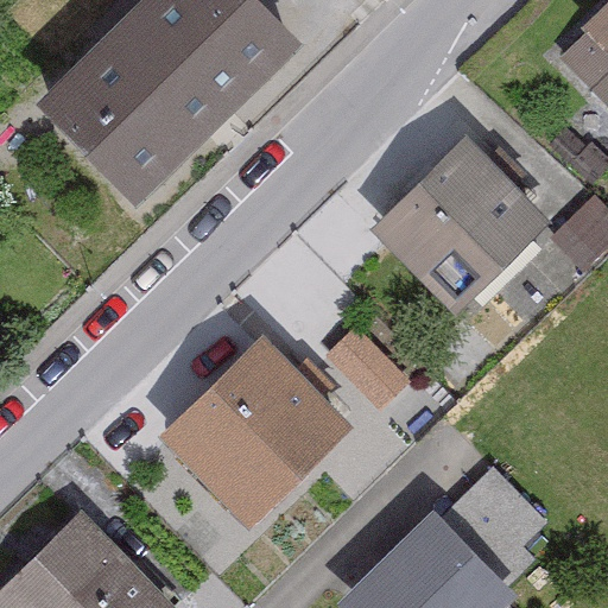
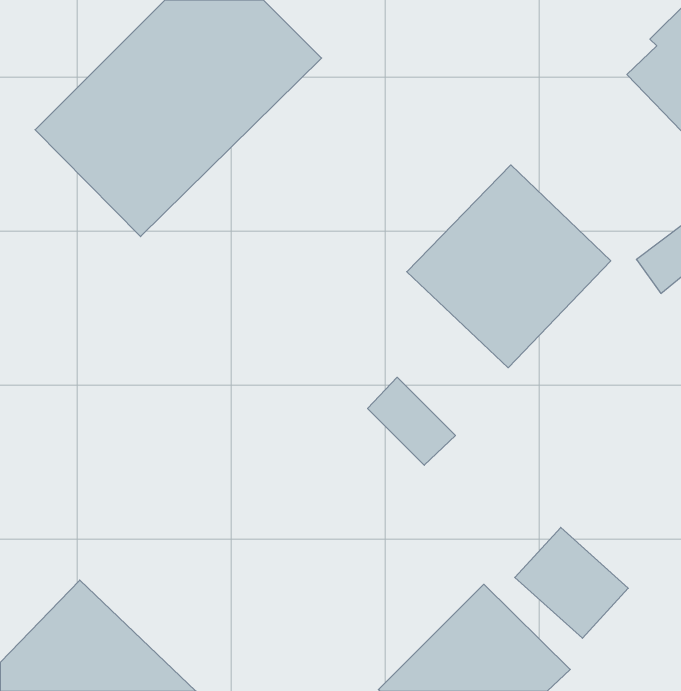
building: [160,331,355,525] -> none

